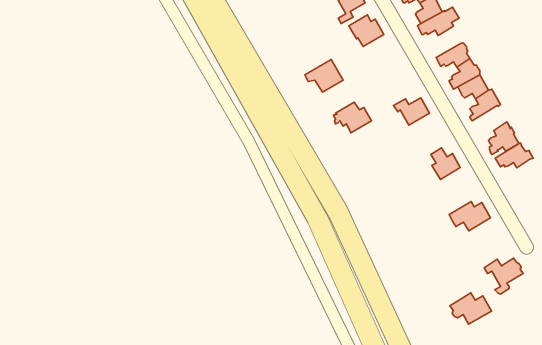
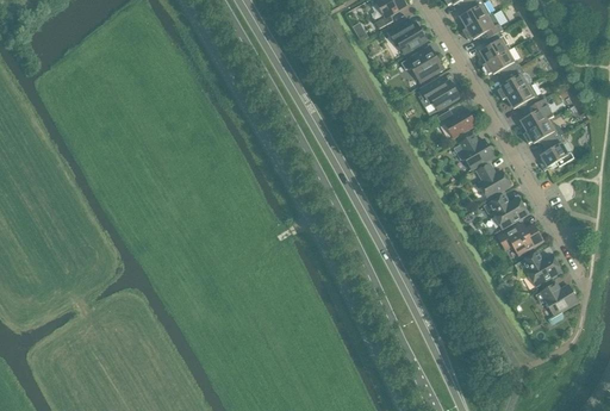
building: none -> [479,31,510,64]
building: [305,60,343,92] -> [400,45,442,81]
building: [333,102,372,133] -> [417,76,459,110]
building: none -> [453,133,493,169]
building: [495,143,533,168] -> [522,117,564,144]
building: none -> [484,193,527,228]
building: [450,293,491,324] -> [515,250,560,285]

